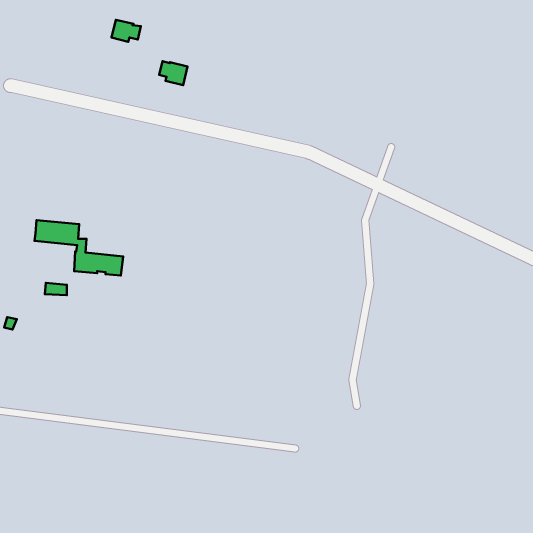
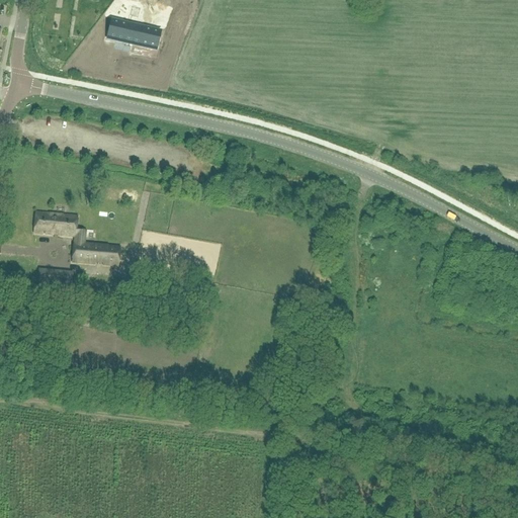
building: [159,61,187,85] -> [134,25,161,49]

